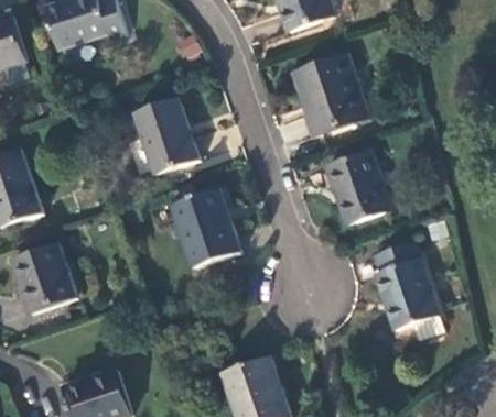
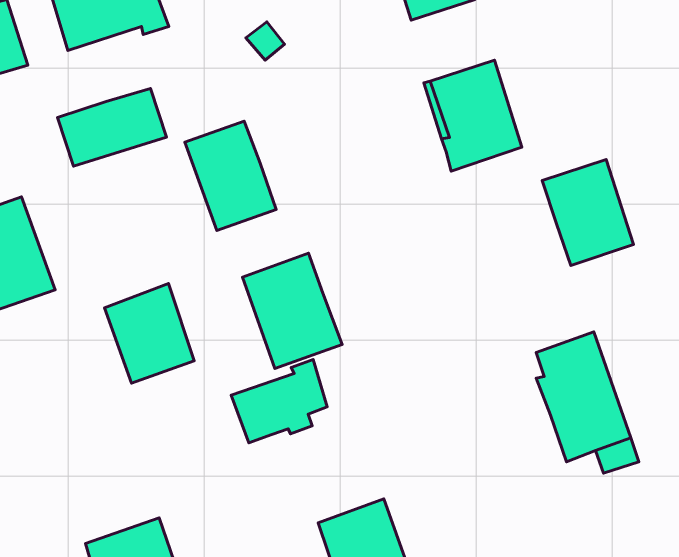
building: none -> [58,88,166,166]
building: [326,150,389,222] -> [542,159,633,265]
building: [13,242,75,310] -> [104,284,194,383]
building: none -> [231,360,327,443]

